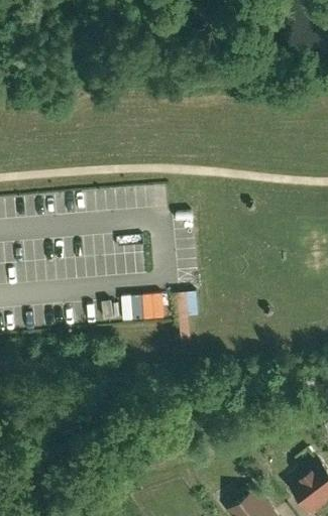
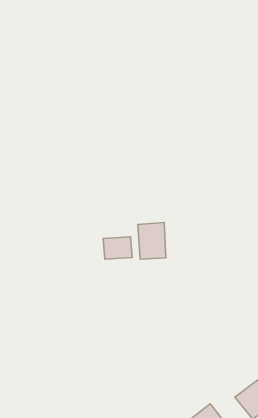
building: none -> [138,222,166,259]

